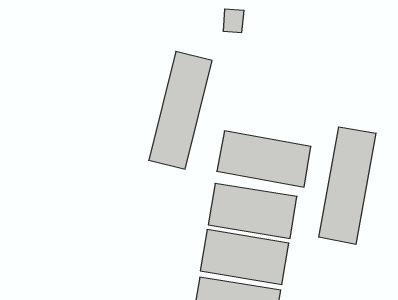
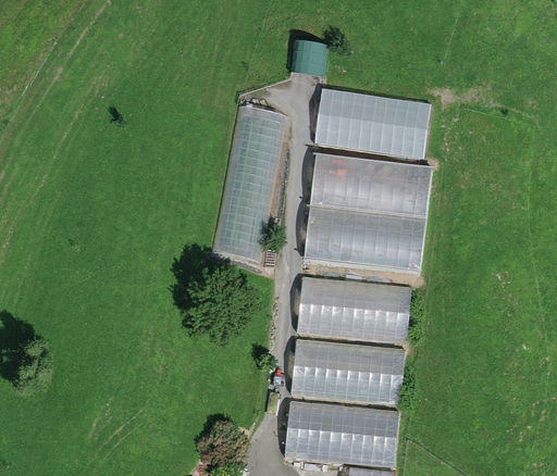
building: none -> [315,88,432,159]
building: none -> [310,153,433,220]
building: [319,127,376,244] -> none

